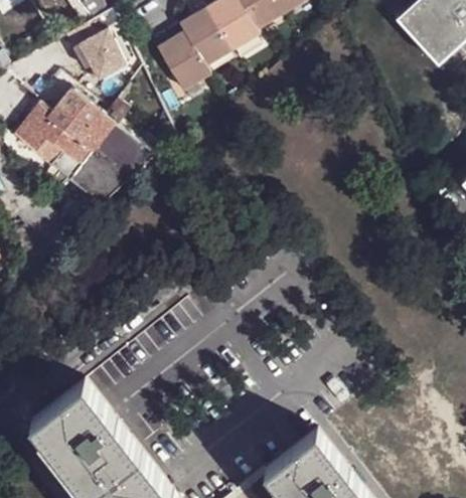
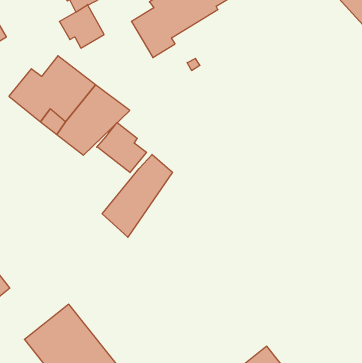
building: none -> [97,123,146,173]
building: none -> [102,154,172,237]

